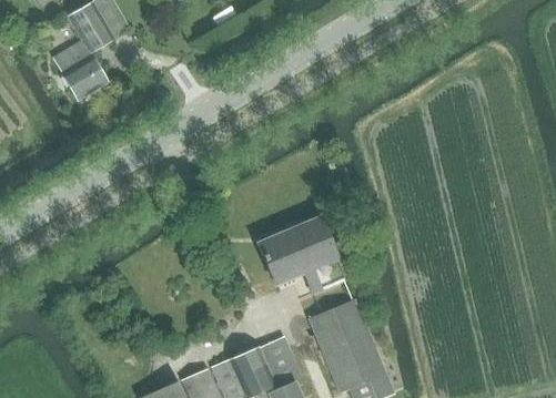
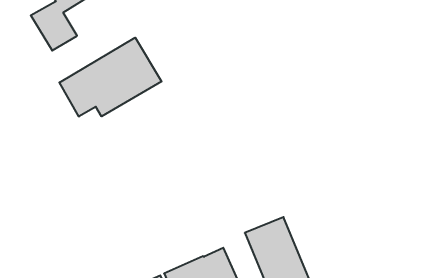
building: none -> [59,38,162,117]
building: [259,217,346,289] -> none

